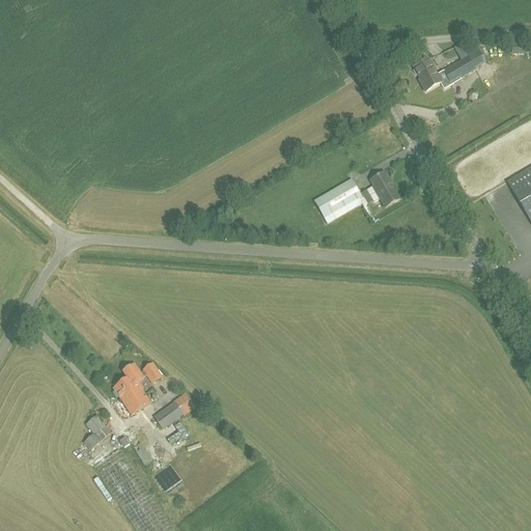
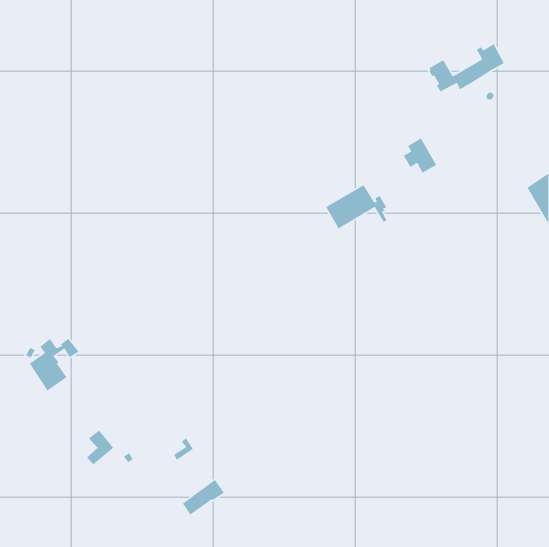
building: [366,170,399,205] -> [403,137,437,174]
building: [113,362,162,414] -> [29,338,79,392]
building: [153,392,195,427] -> [182,479,225,515]

